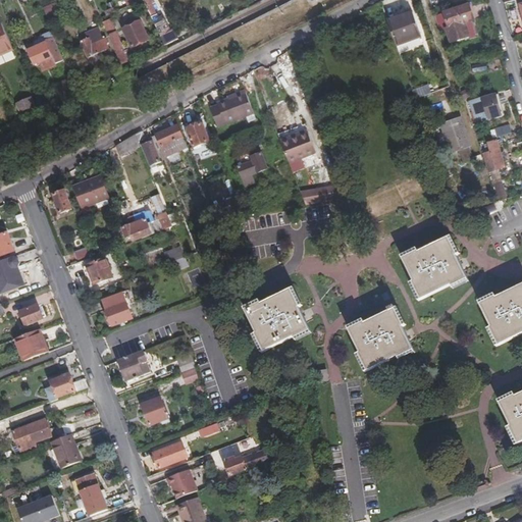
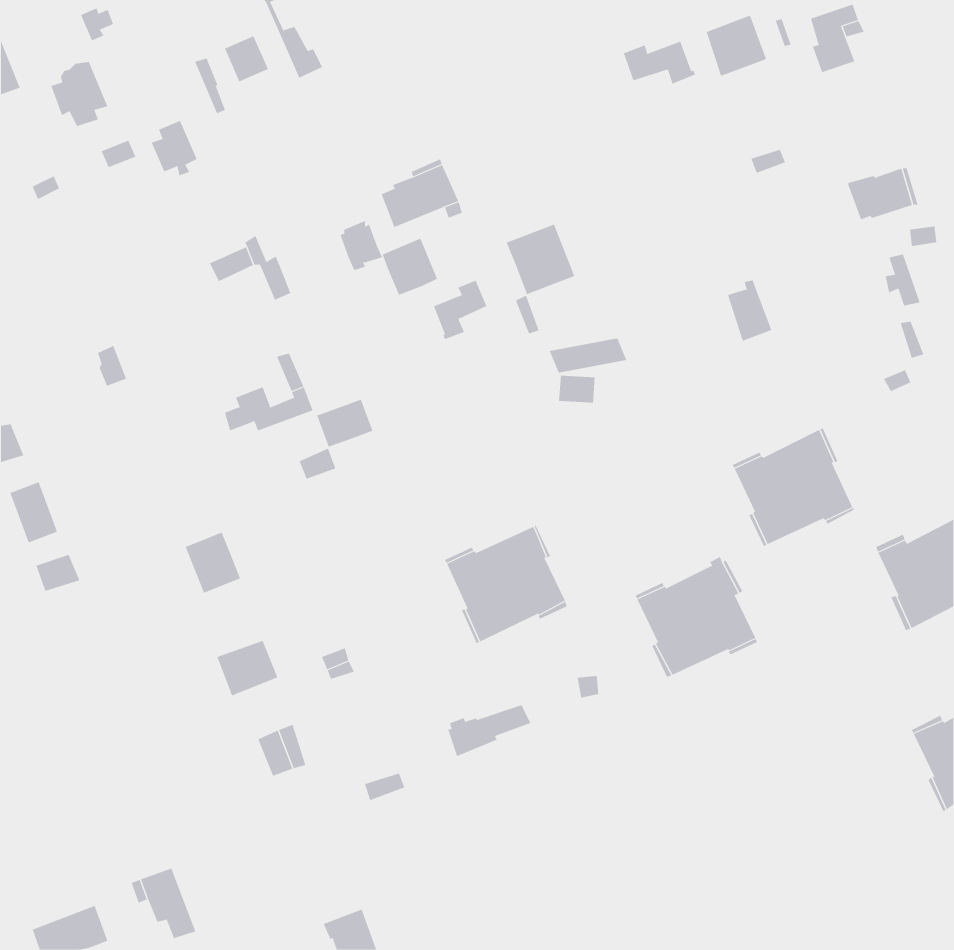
building: none -> [623,41,696,84]
building: [80,27,105,57] -> [151,120,197,176]
building: [442,119,467,153] -> [727,280,772,341]
building: [154,125,185,157] -> [382,238,438,296]
building: [71,170,106,202] -> none
building: none -> [317,399,373,448]
building: [84,257,112,284] -> none
building: [14,328,46,360] -> none
building: [50,373,88,396] -> none
building: [13,418,51,452] -> none
building: [52,433,81,467] -> none
building: [153,441,188,466] -> none
building: [224,449,270,477] -> [447,705,531,757]
building: [166,468,197,498] -> none

